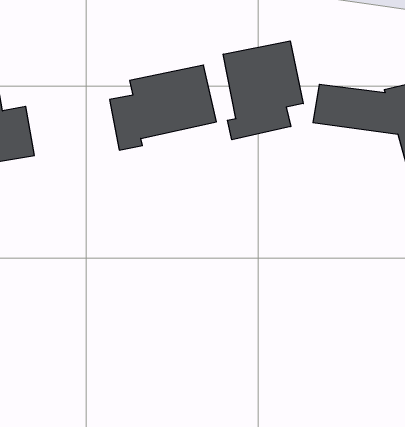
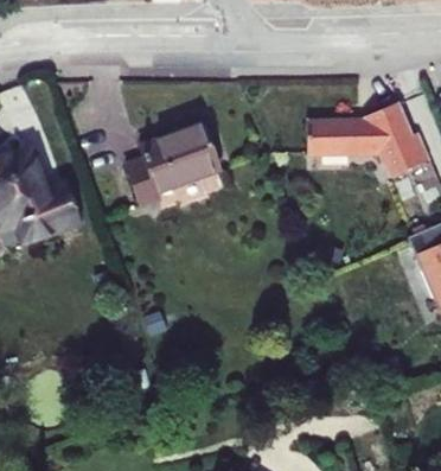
building: [223,41,303,140] -> none

